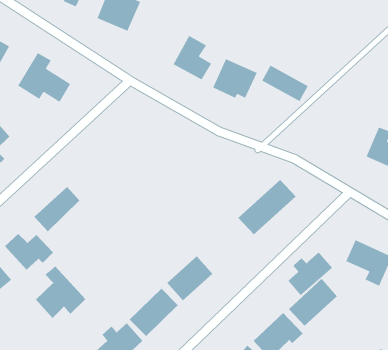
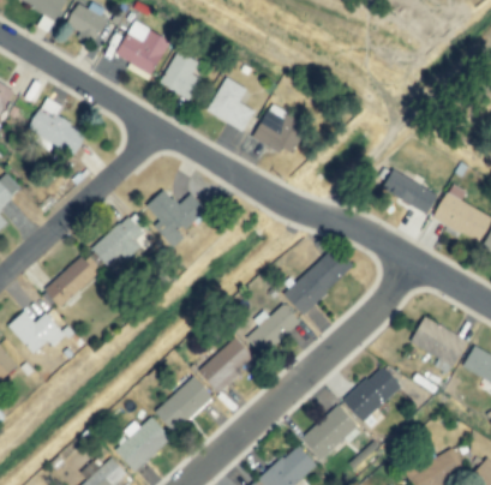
building: none -> [160,50,199,100]
building: [261,64,309,102] -> [383,170,439,215]
building: none -> [145,190,206,244]
building: none -> [91,215,152,267]
building: [287,251,333,296] -> [246,303,300,355]
building: [35,266,86,319] -> none

